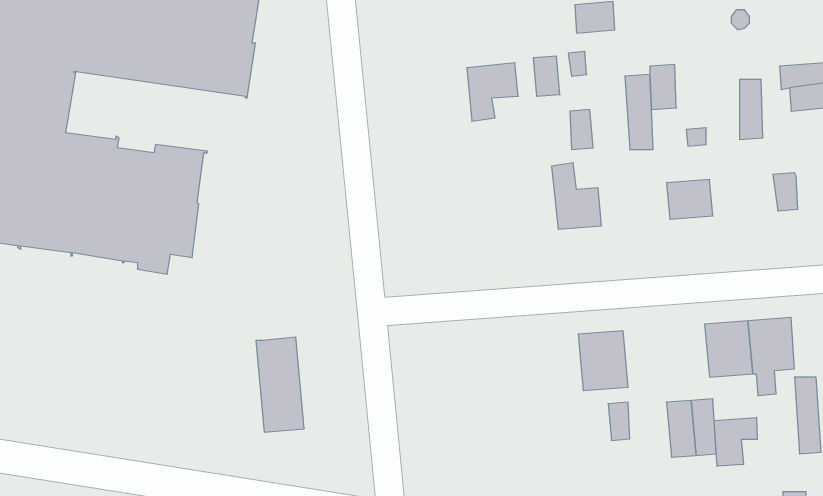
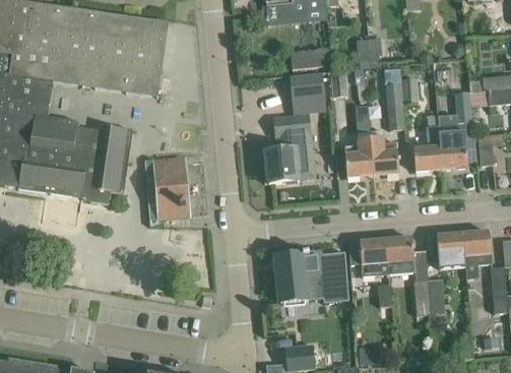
building: none -> [290,50,324,69]
building: none -> [262,117,313,183]
building: none -> [439,129,467,169]
building: none -> [369,133,398,175]
building: none -> [386,237,414,273]
building: [256,337,304,432] -> [156,160,186,217]
building: none -> [274,251,348,303]
building: [714,417,757,466] -> none

